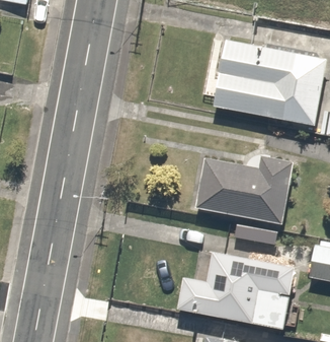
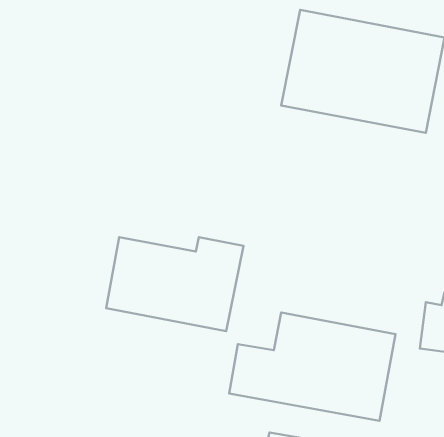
building: [195,157,292,223] -> [106,237,244,331]

